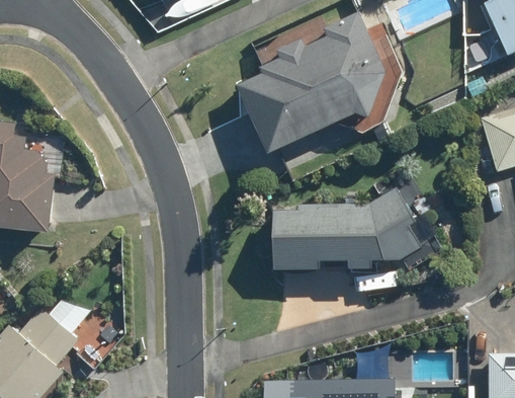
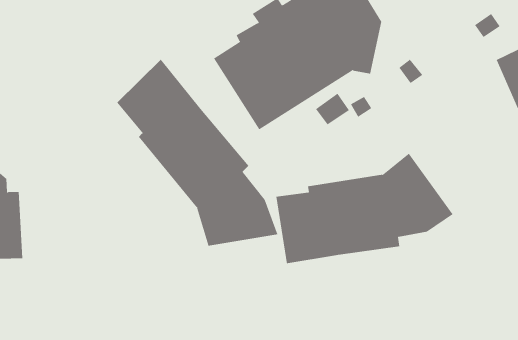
building: none -> [116,59,278,246]

